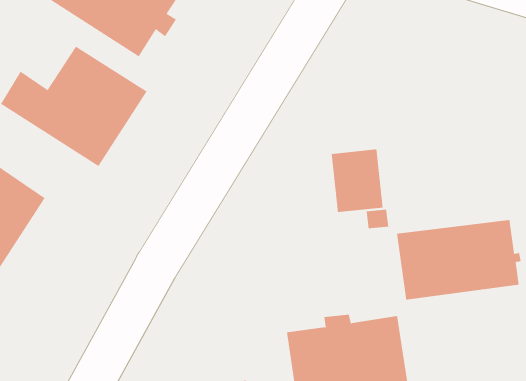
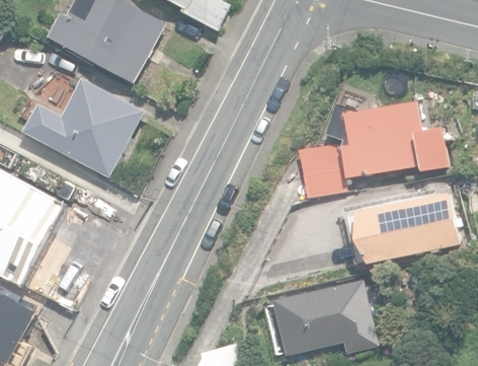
building: none -> [325,102,450,178]

